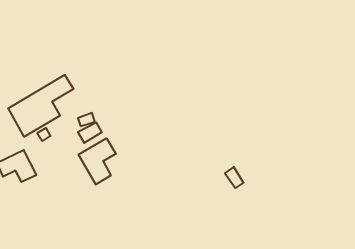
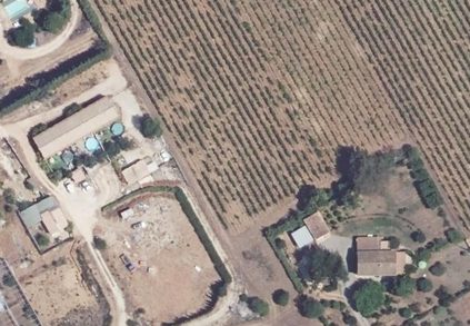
building: [79,138,116,185] -> none
building: none -> [359,235,396,275]

